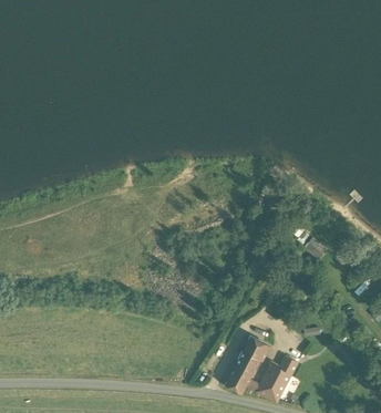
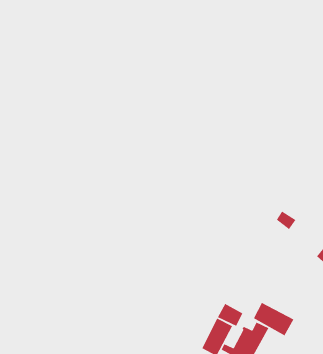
building: none -> [253,302,295,336]

